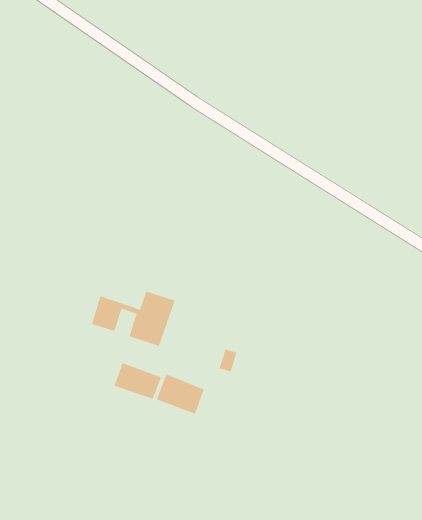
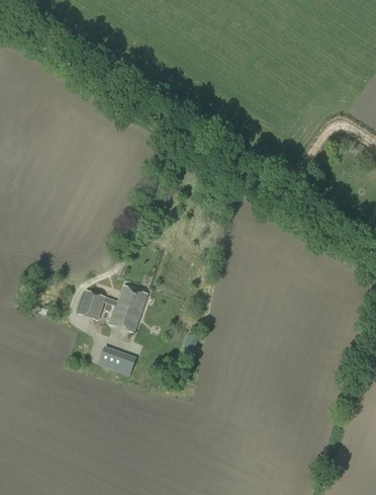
building: [156,374,204,415] -> none

